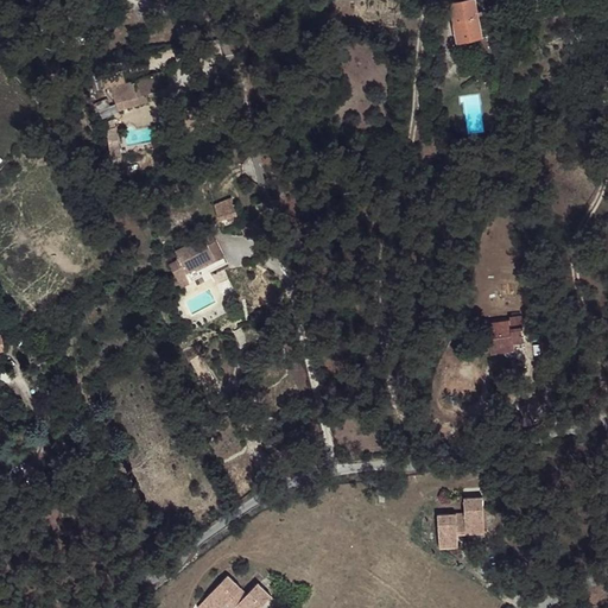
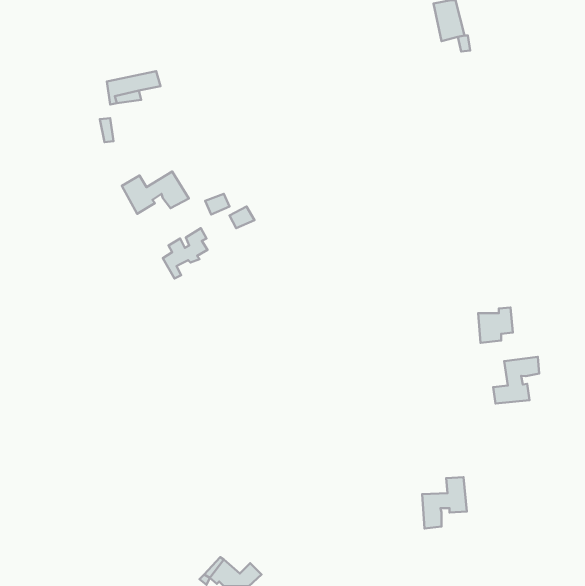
building: none -> [122,172,189,214]
building: none -> [493,357,539,404]

